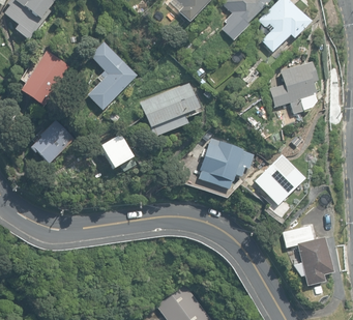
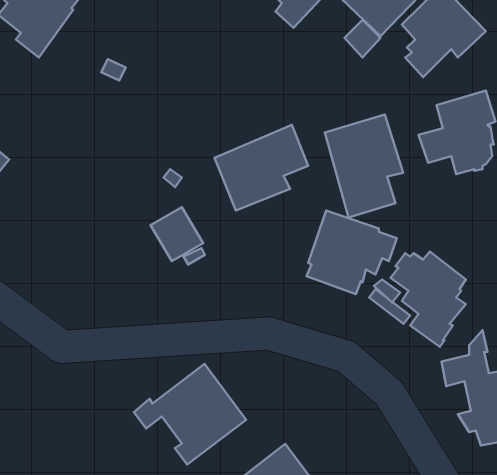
building: [89,41,138,110] -> none
building: [22,52,70,107] -> none
building: none -> [325,115,403,217]
building: [31,118,77,163] -> none
building: none -> [134,364,246,464]

